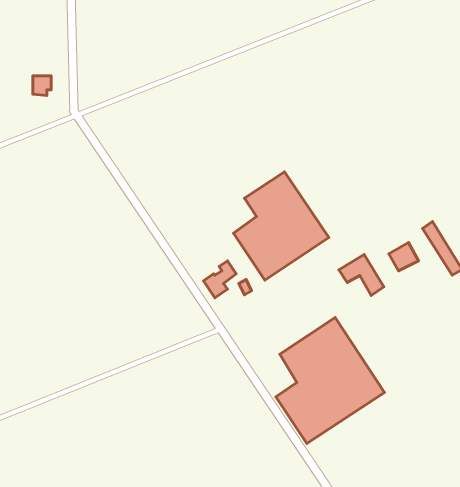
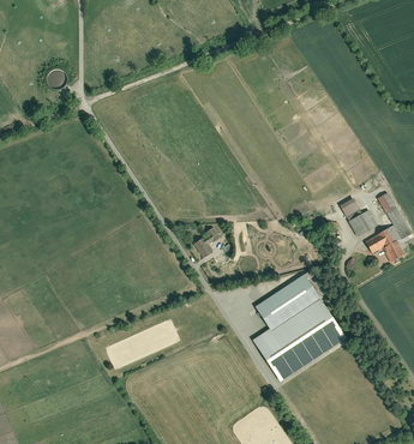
building: [234,172,329,280] -> none
building: [339,254,384,295] -> [364,228,402,263]

